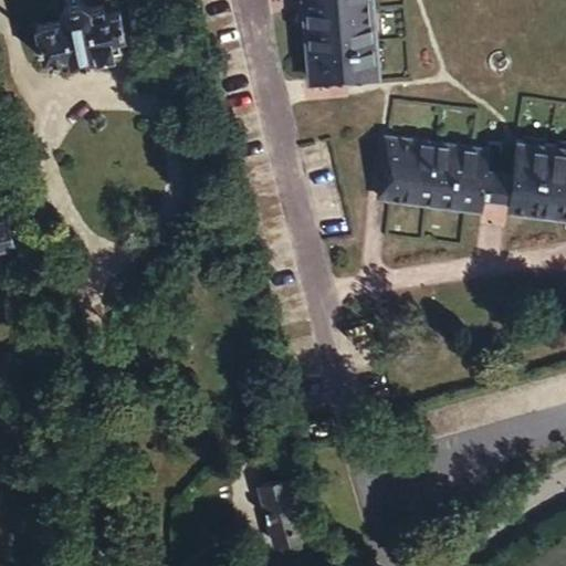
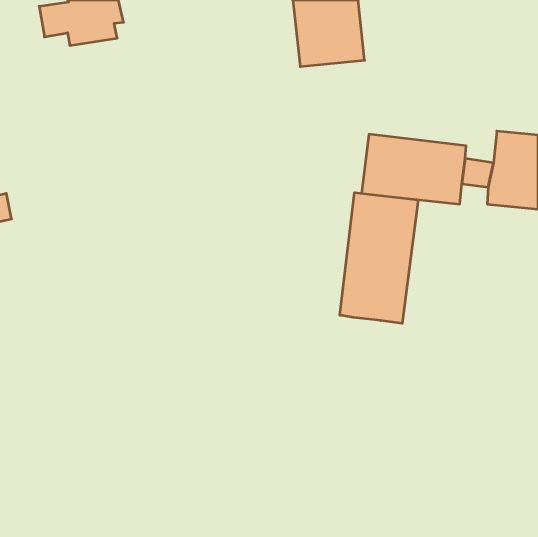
building: none -> [340,193,418,323]
building: [260,481,306,547] -> none

